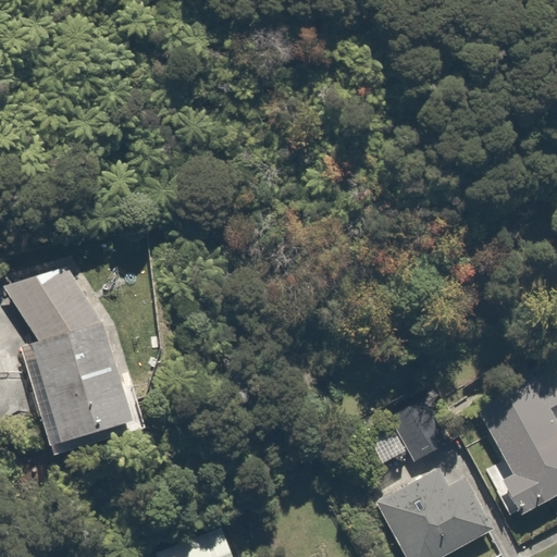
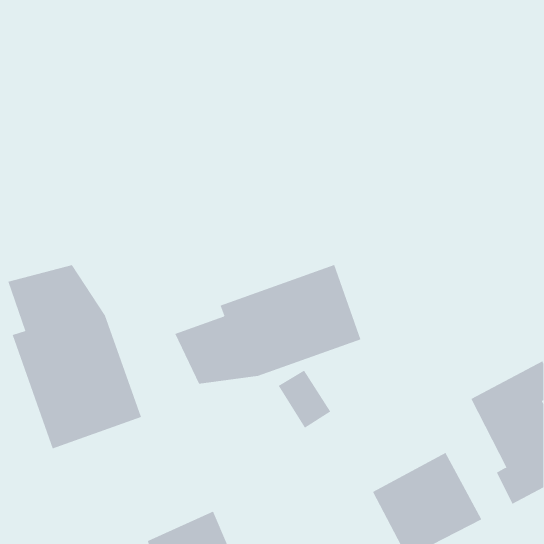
building: none -> [175,264,361,385]
building: [383,398,437,458] -> [278,370,331,429]

